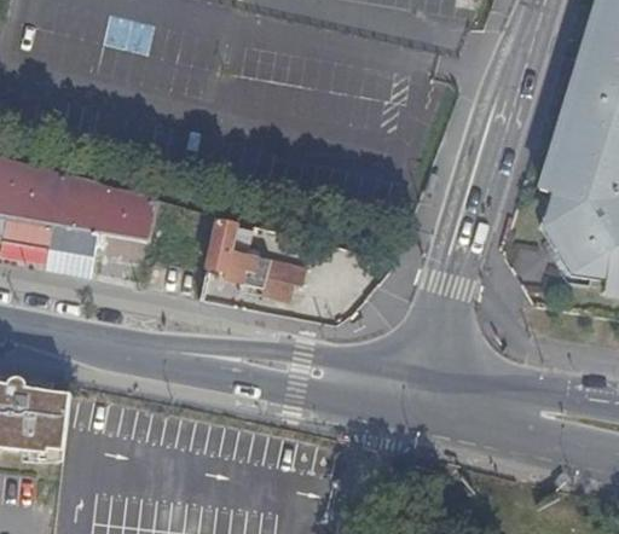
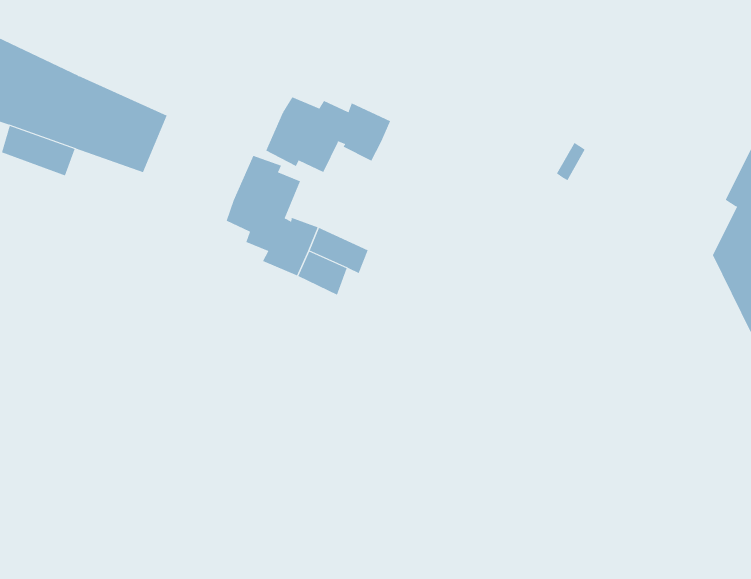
building: none -> [265,96,391,173]

